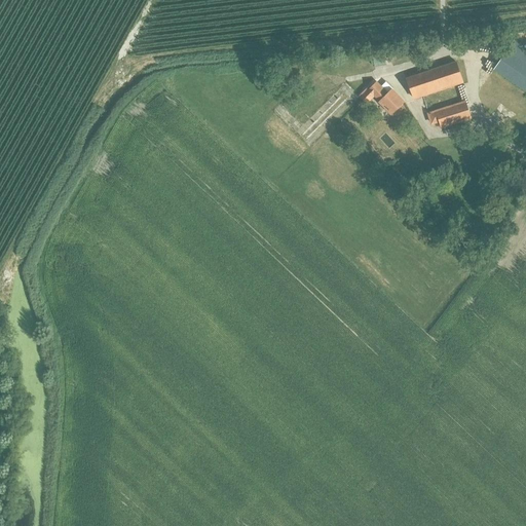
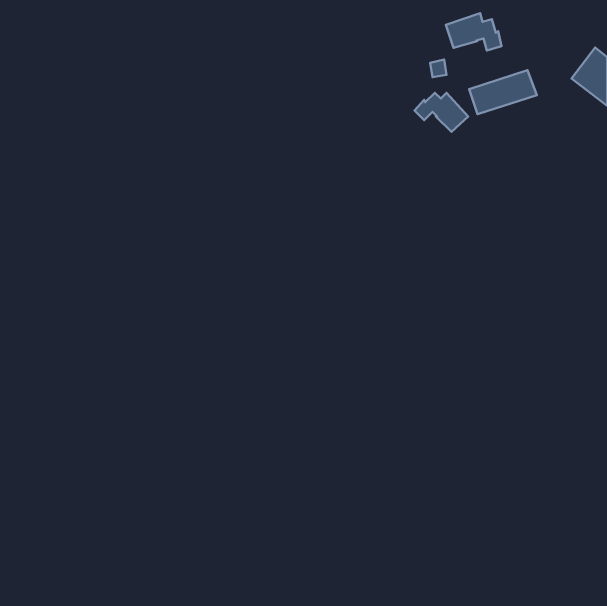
building: none -> [446,13,501,50]
building: [426,100,472,127] -> none

